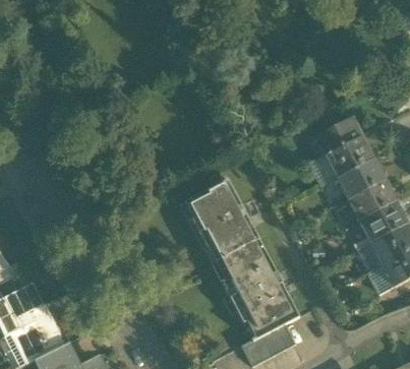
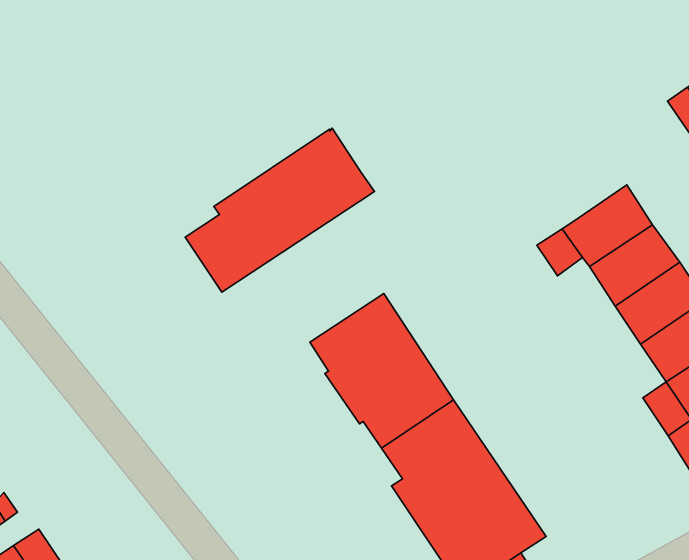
building: none -> [185,128,374,292]
building: [316,119,362,153] -> none

